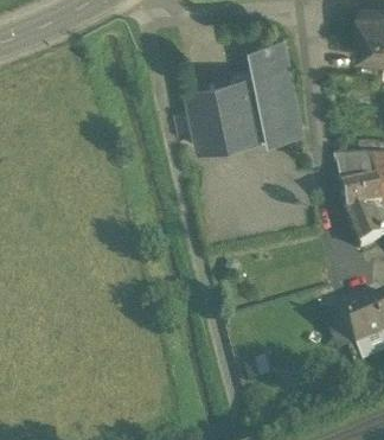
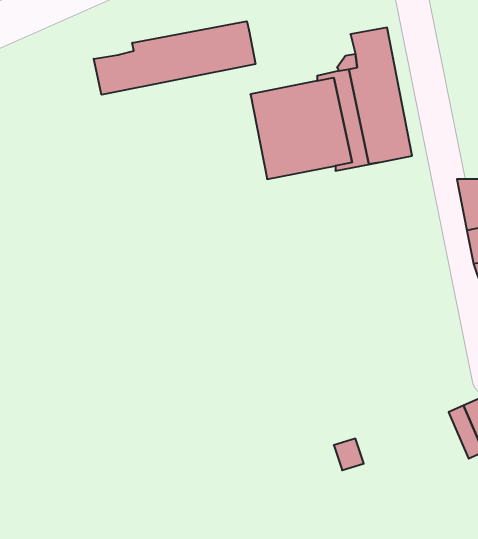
building: none -> [94,21,255,95]

